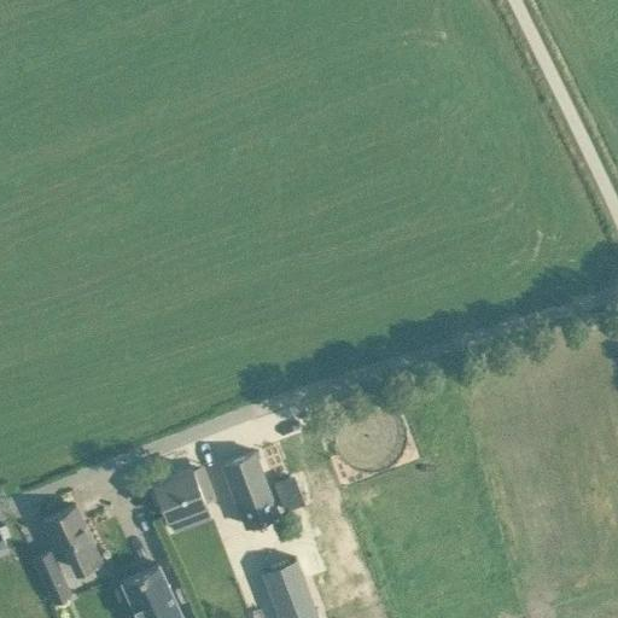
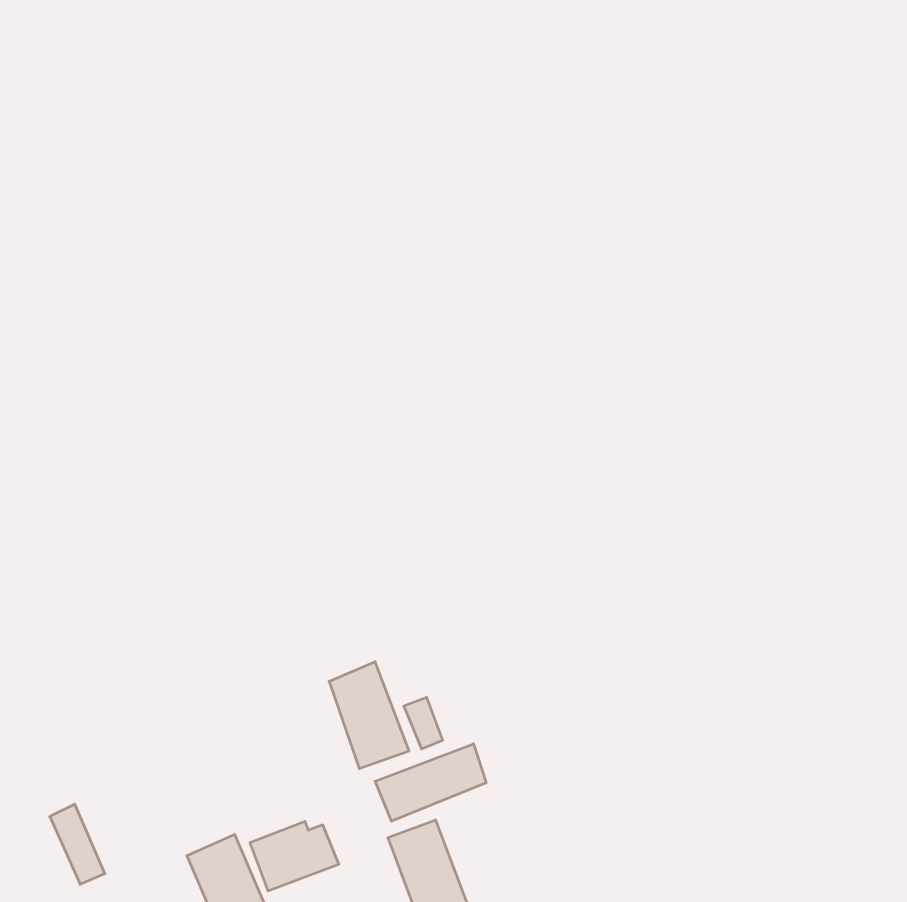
building: [156,471,216,518] -> [250,821,339,891]
building: [45,507,101,573] -> none
building: none -> [375,744,486,821]

